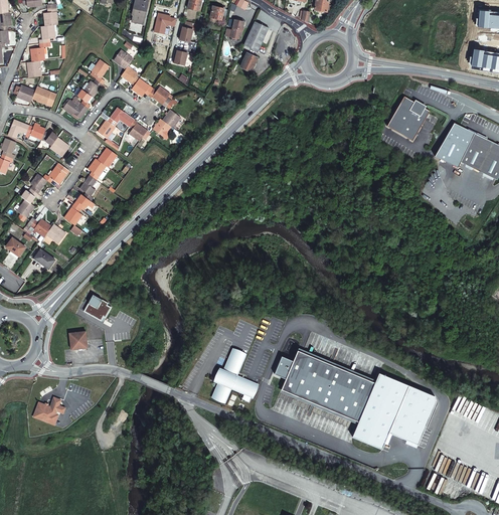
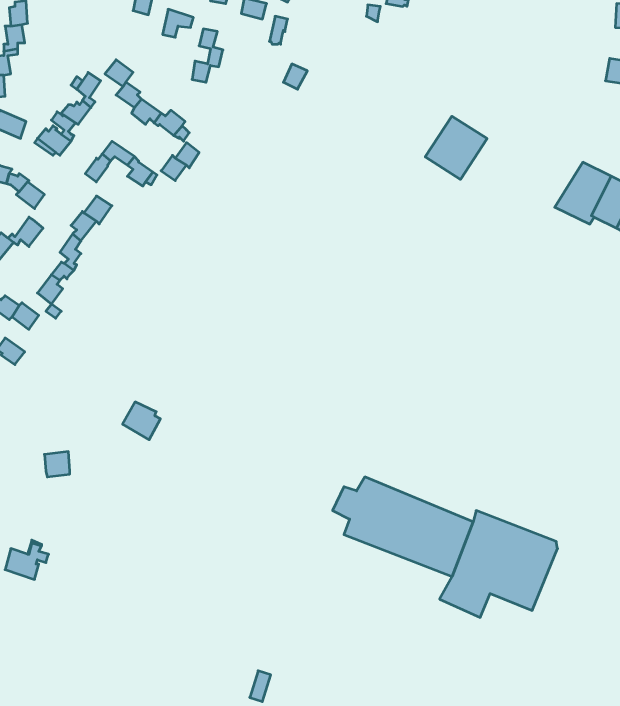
building: [242,21,268,52] -> none
building: [386,95,431,140] -> [425,116,487,179]
building: [82,295,110,322] -> [123,402,160,440]
building: [213,350,257,401] -> none

